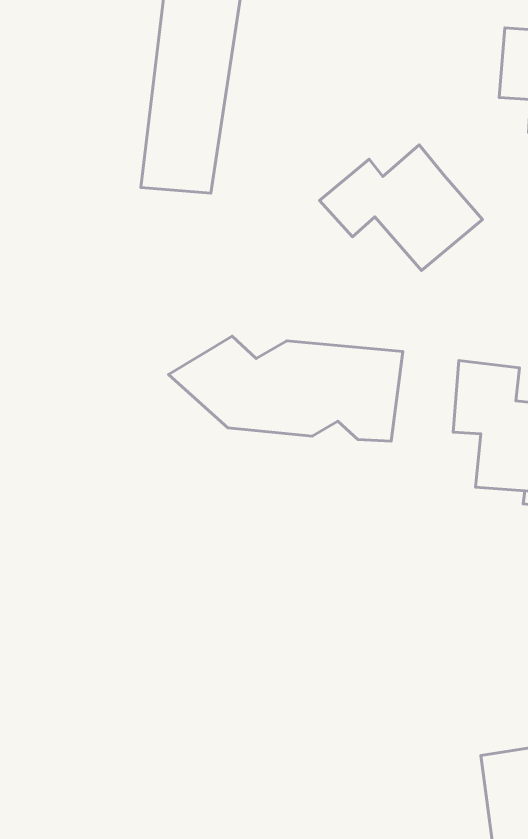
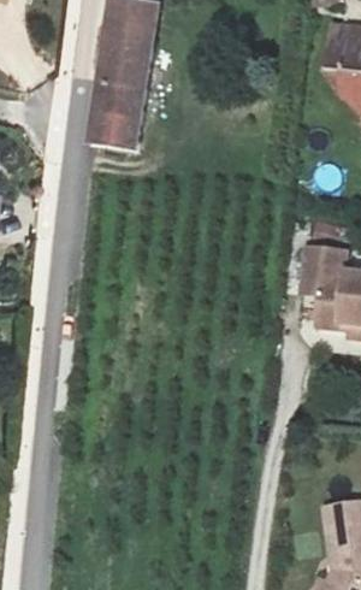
building: [319,145,483,271] -> none
building: [168,336,403,441] -> none

